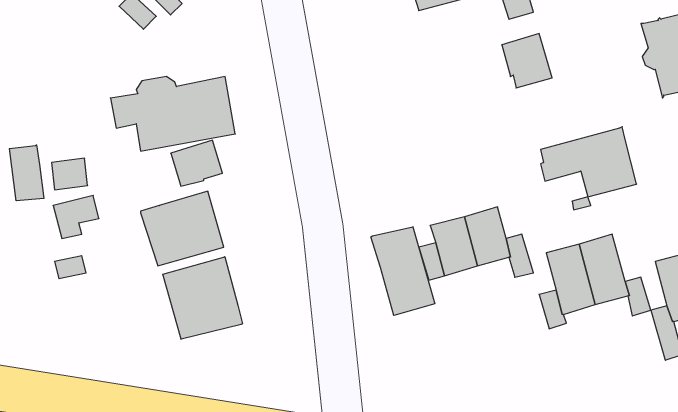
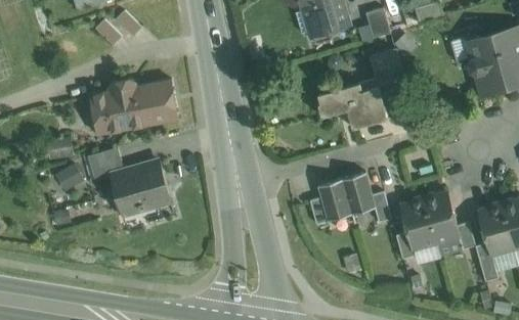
building: [541,127,637,197] -> [318,79,387,129]
building: [171,140,222,186] -> [87,148,124,181]
building: [9,145,44,201] -> none
building: [371,227,435,315] -> none
building: [163,257,243,339] -> none

